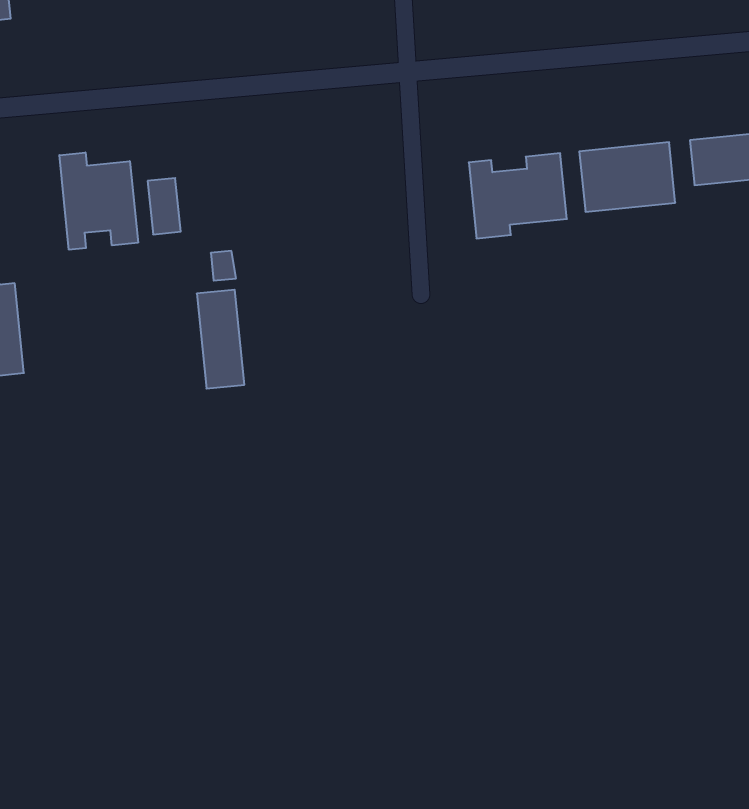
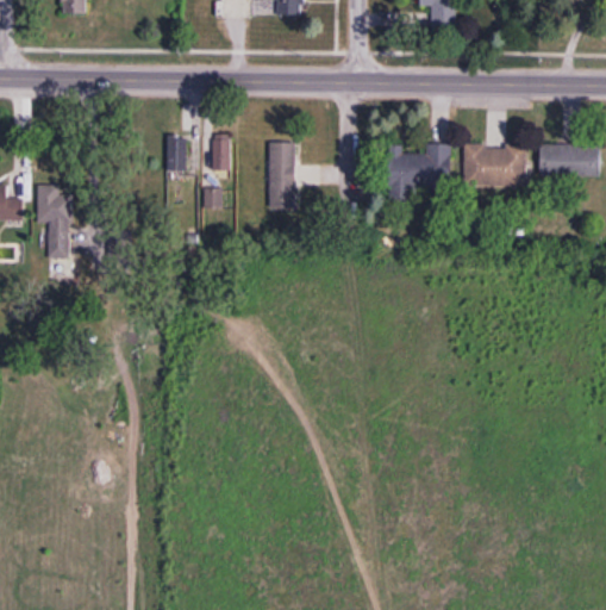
building: [59,152,138,250] -> none
building: none -> [212,135,229,170]
building: [197,290,244,389] -> [268,142,294,207]

